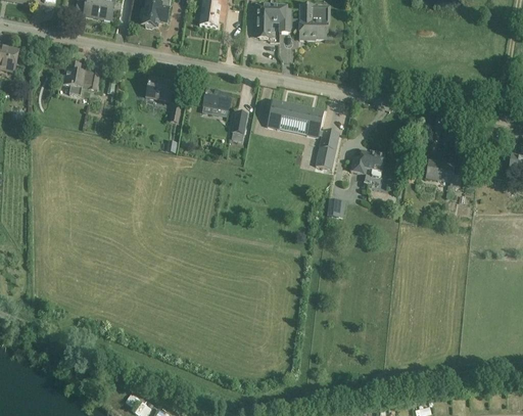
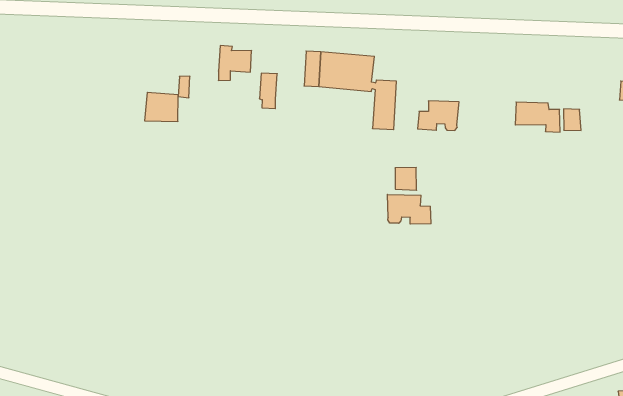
building: [61,60,99,96] -> none
building: [144,76,173,101] -> [145,92,178,121]
building: none -> [387,194,431,224]

